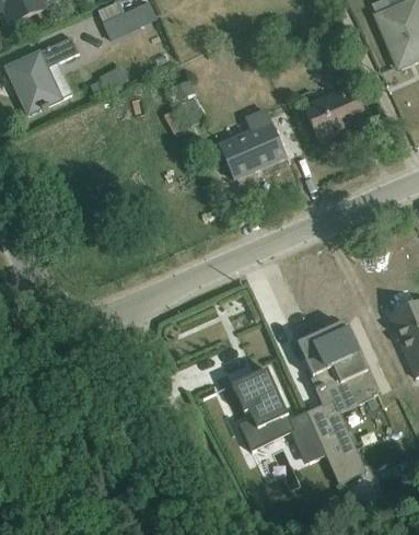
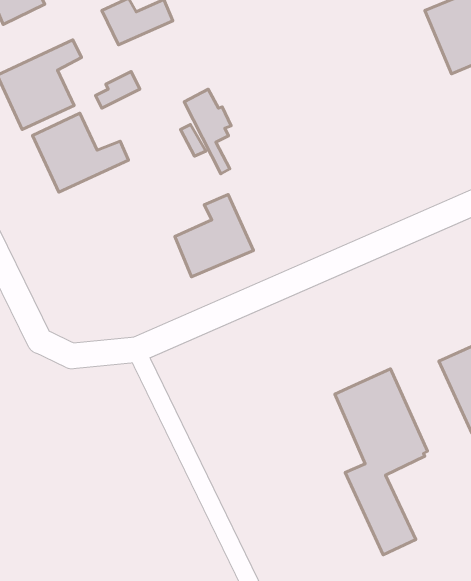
building: [302,83,368,141] -> none
building: none -> [32,113,129,192]
building: [218,107,286,178] -> [175,195,253,277]
building: [232,369,324,463] -> none

